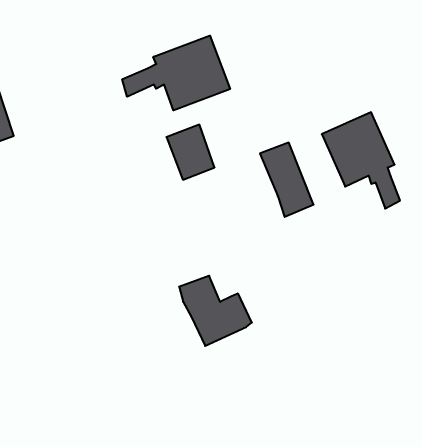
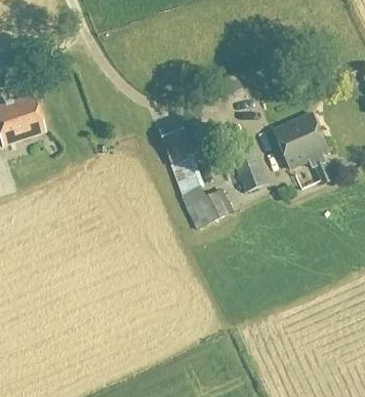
building: [122,36,230,110] -> none
building: [179,276,252,346] -> [176,176,231,229]

